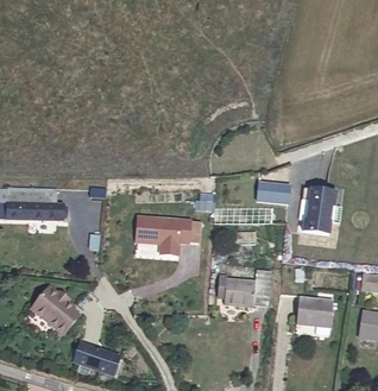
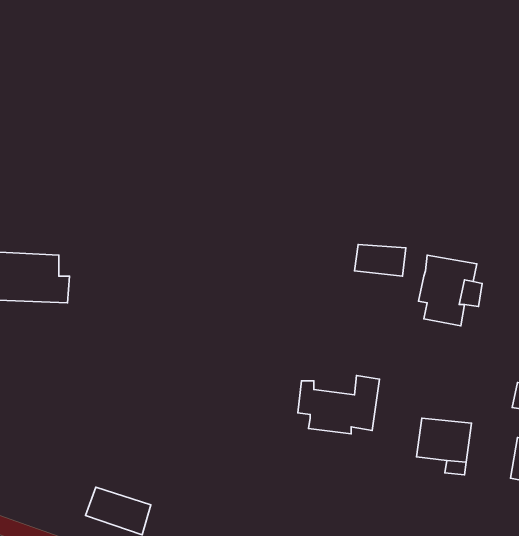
building: [136,214,190,253] -> none
building: [31,284,80,333] -> none

